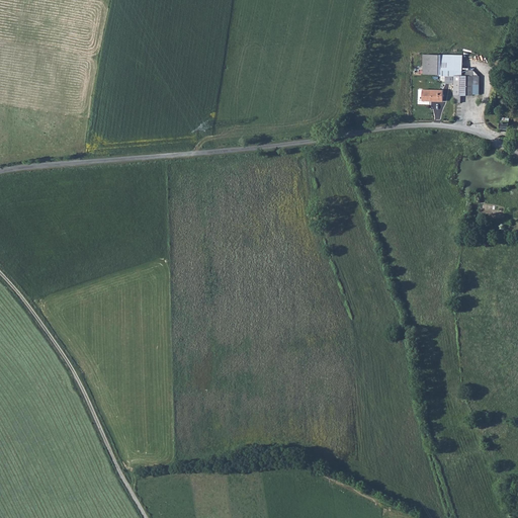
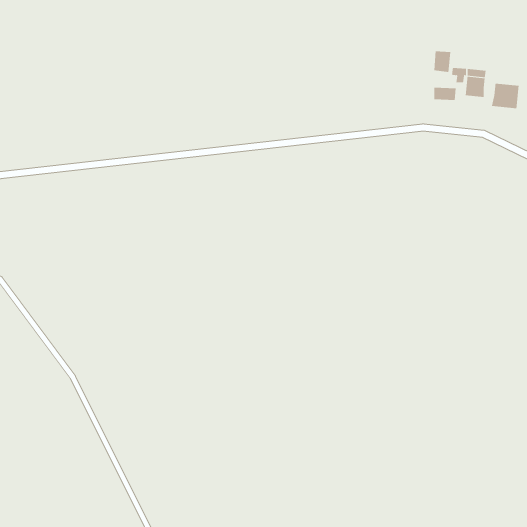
building: none -> [491,83,519,109]

